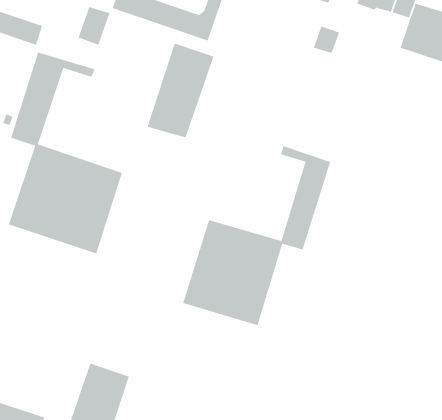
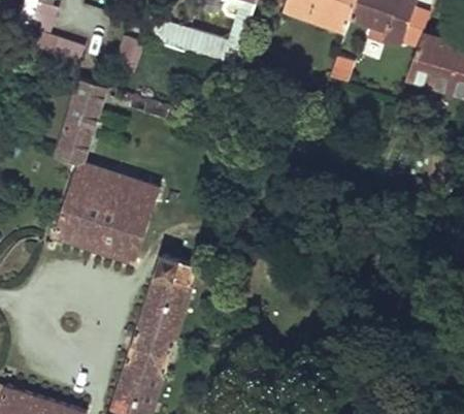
building: [147,43,215,138] -> none
building: [182,145,331,326] -> none
building: none -> [127,254,196,373]

